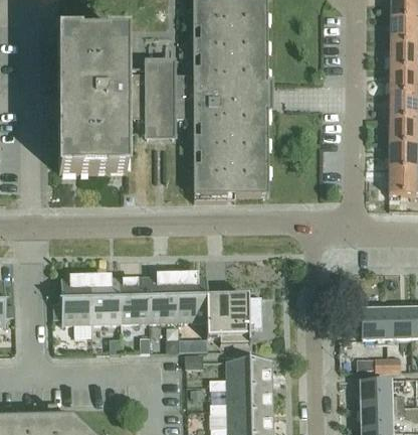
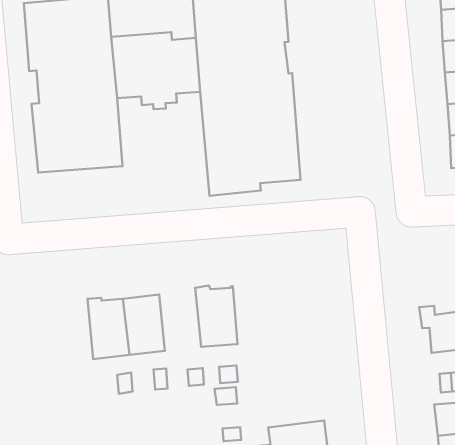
building: [148,274,178,322] -> none
building: [60,276,91,325] -> none
building: [206,296,262,344] -> none
building: [209,359,272,390] -> none

